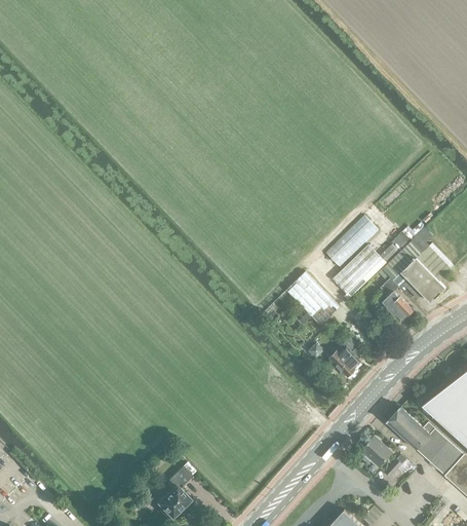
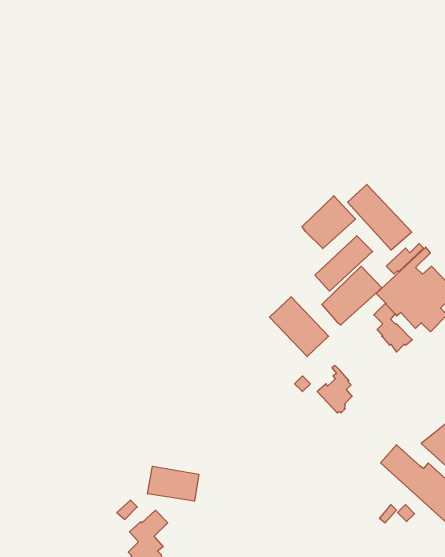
building: none -> [348,184,412,250]
building: none -> [302,196,356,249]
building: none -> [147,466,199,501]
building: [361,437,391,467] -> none

